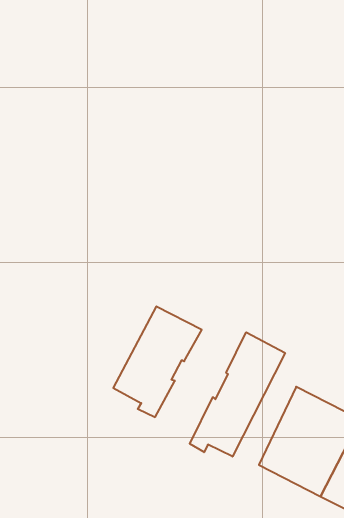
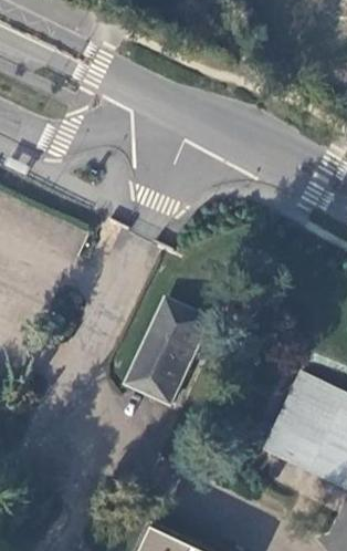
building: [190,332,285,457] -> none

